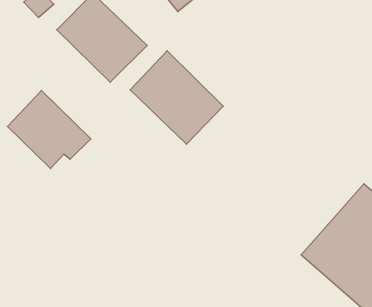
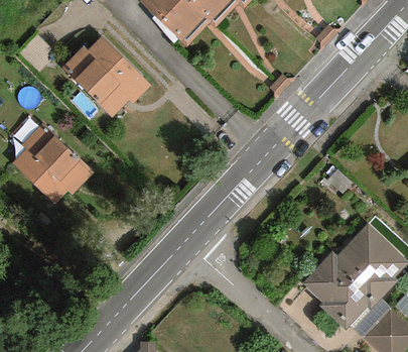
building: [130,51,223,144] -> none

